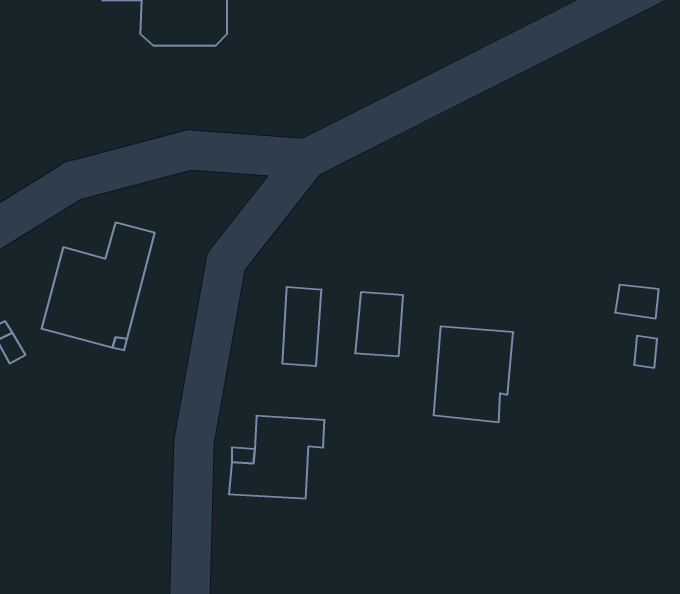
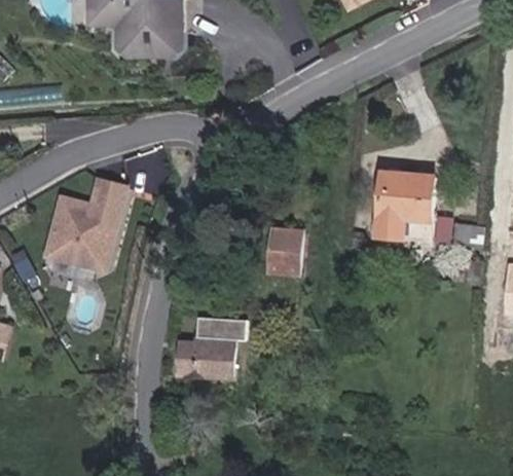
building: [282,287,321,366] -> none
building: [433,326,513,422] -> [378,173,435,241]

